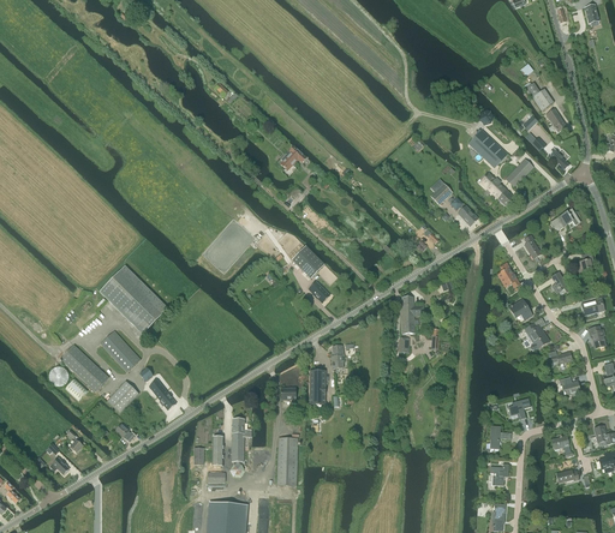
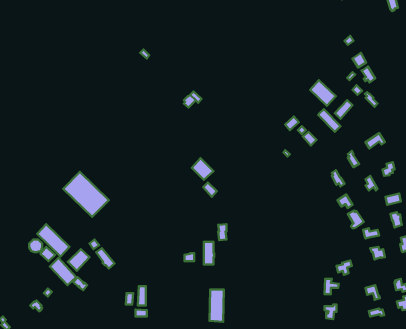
building: [400,295,423,333] -> none
building: [101,330,141,371] -> [50,258,76,285]
building: [232,418,251,460] -> none
building: [276,437,298,485] -> [209,290,224,322]

